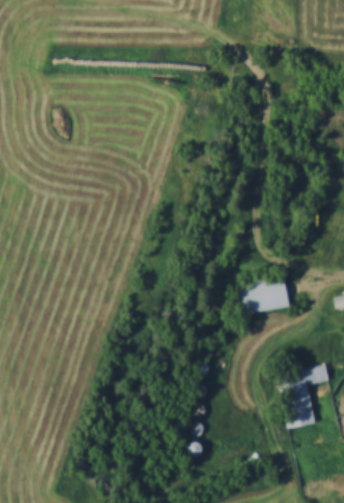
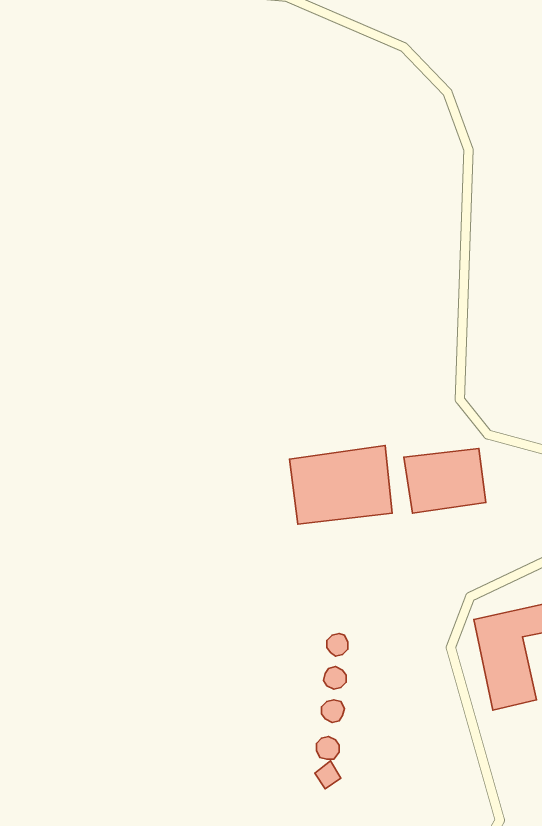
building: none -> [290,446,392,524]

